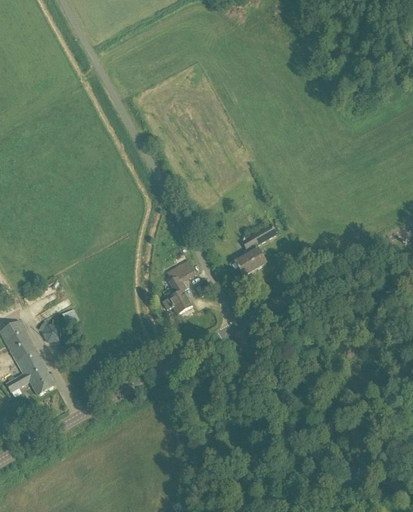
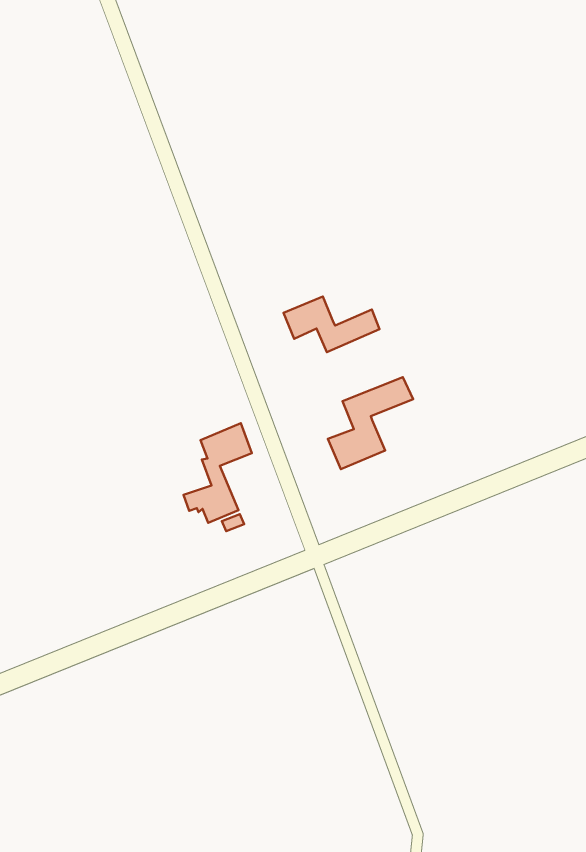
building: none -> [284,296,379,352]

